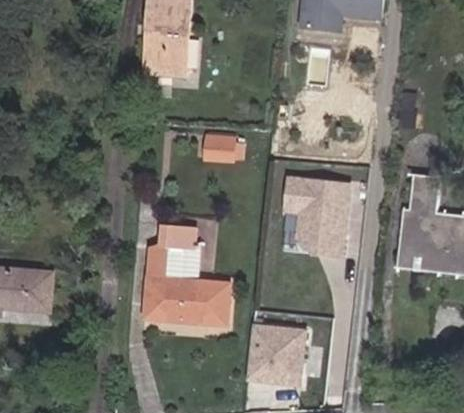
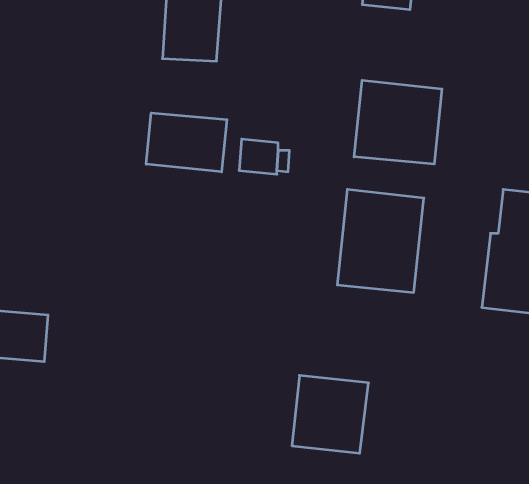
building: none -> [354,80,442,164]
building: none -> [146,113,227,172]
building: [144,228,230,324] -> none

